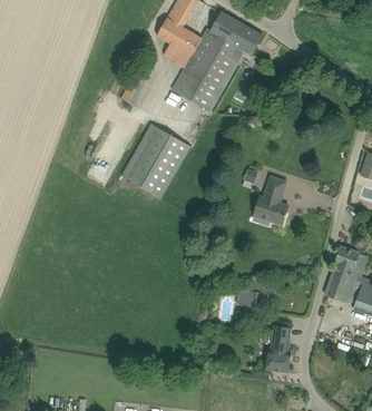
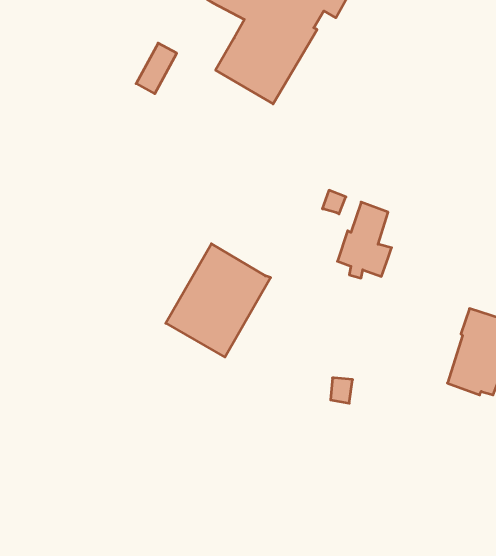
building: [121,124,190,198] -> [166,244,271,357]
building: [264,325,291,373] -> none

